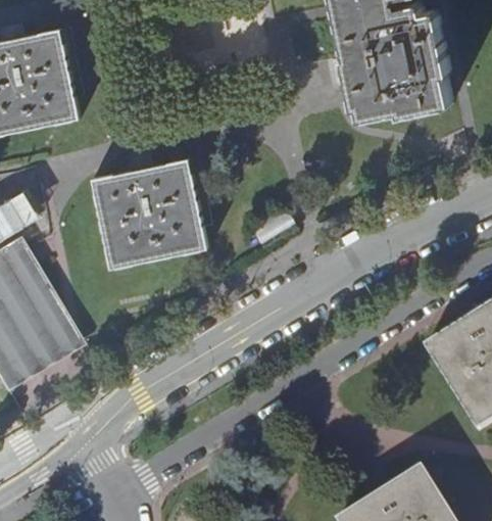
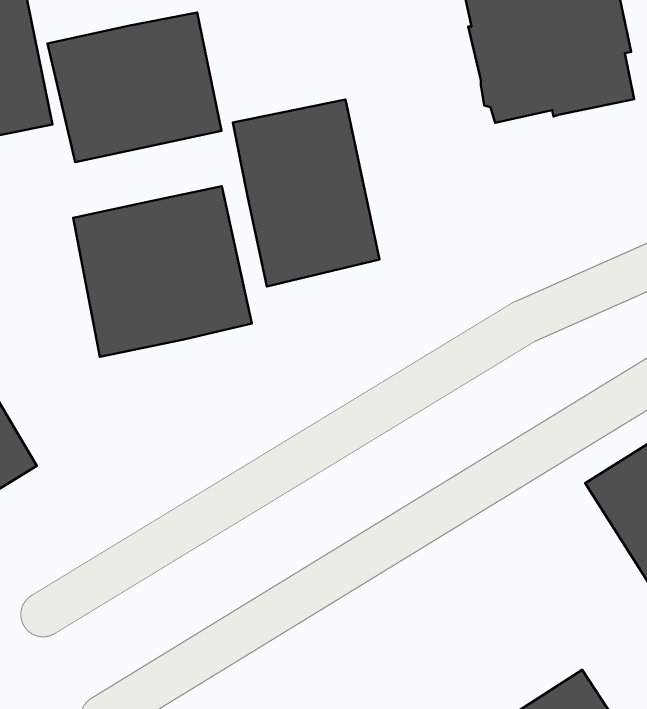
building: none -> [47,12,222,162]
building: none -> [233,99,380,286]

